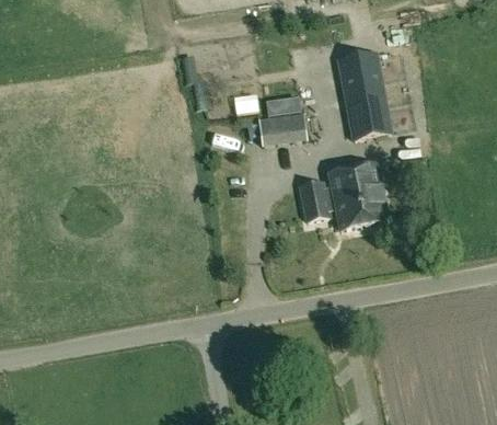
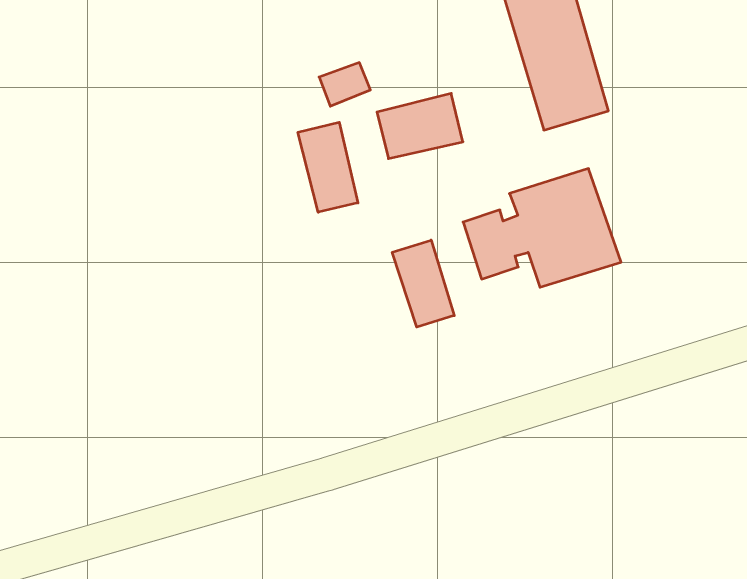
building: none -> [298,122,358,212]
building: none -> [392,240,454,327]

